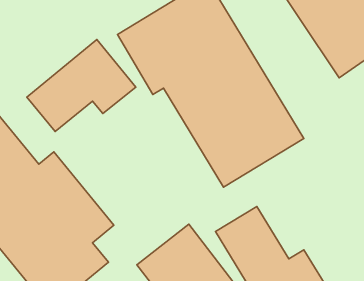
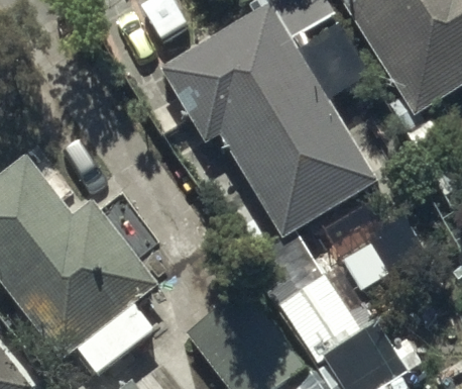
building: [27,40,136,132] -> none

